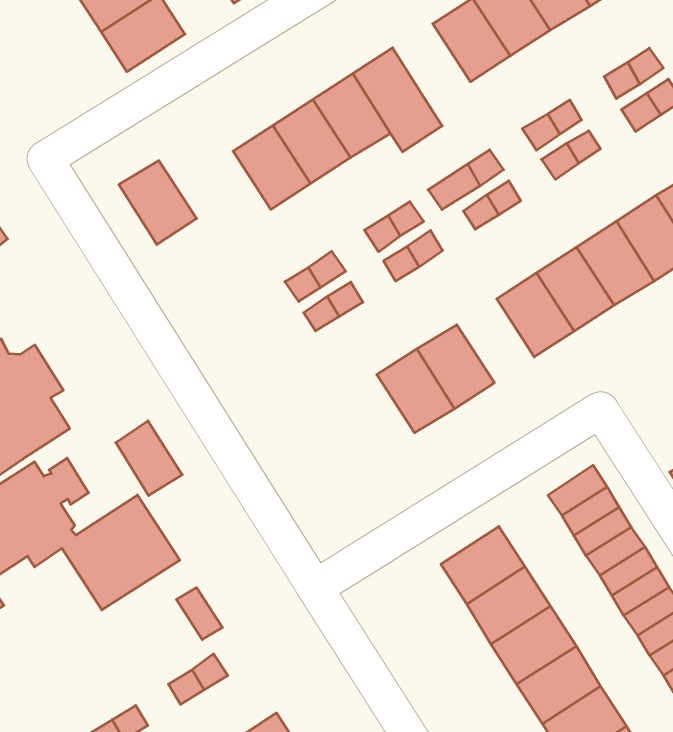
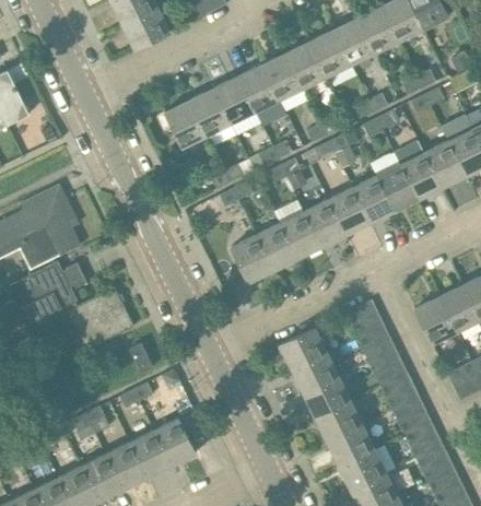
building: none -> [285,42,327,89]
building: [119,161,197,245] -> [165,101,207,148]
building: none -> [304,200,345,247]
building: none -> [231,235,273,282]
building: [116,421,182,496] -> none

